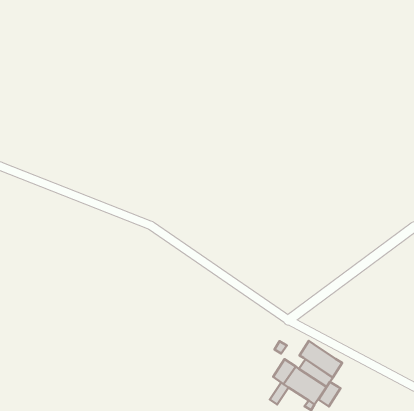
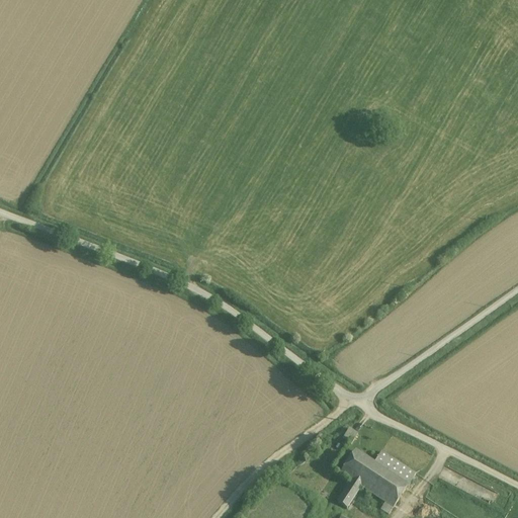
building: [300,341,342,377] -> none
building: [318,382,340,406] -> none

